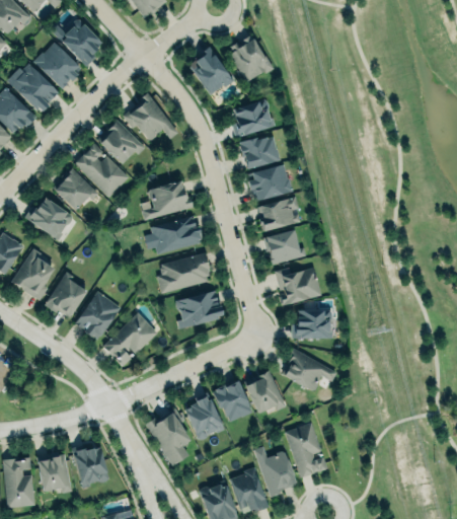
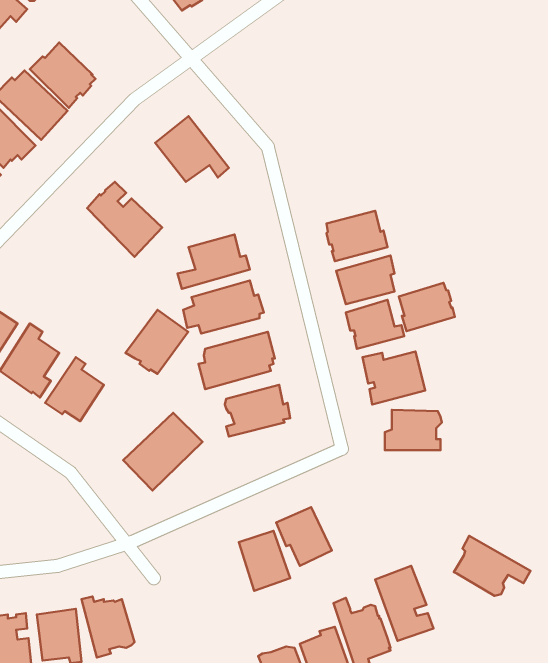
building: [53,19,102,68] -> none
building: [230,33,275,81] -> none
building: [189,46,235,94] -> none
building: [232,98,276,137] -> none
building: [97,120,146,163] -> none
building: [239,137,282,168] -> none
building: [53,167,99,210] -> none
building: [24,195,75,241] -> none
building: none -> [399,283,455,331]
building: [75,292,121,339] -> [125,310,188,374]
building: [282,348,337,391] -> [454,536,531,596]
building: [244,371,287,415] -> none
building: [146,409,191,466] -> none

